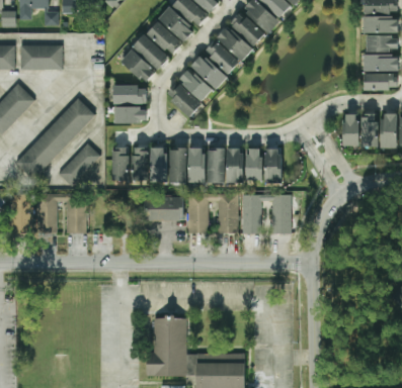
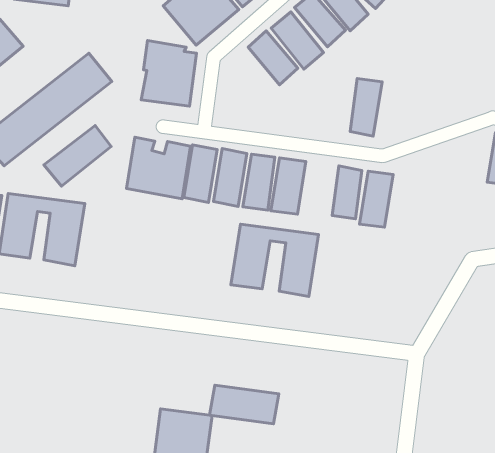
building: [166,82,202,117] -> none
building: [227,149,243,184] -> [350,78,382,136]
building: [242,195,291,233] -> none
building: [145,197,183,221] -> none
building: none -> [209,385,279,424]

